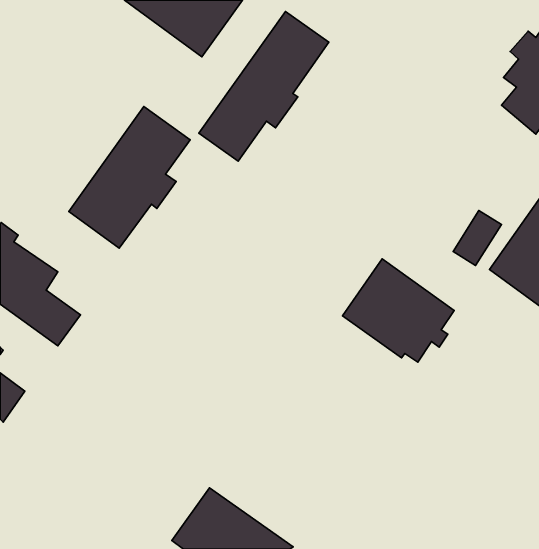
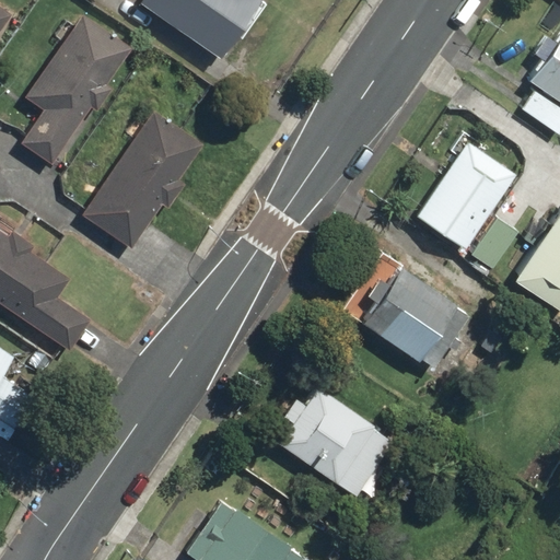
building: [199,12,329,161] -> none
building: none -> [22,14,128,160]
building: none -> [415,140,516,250]
building: none -> [276,385,394,494]

